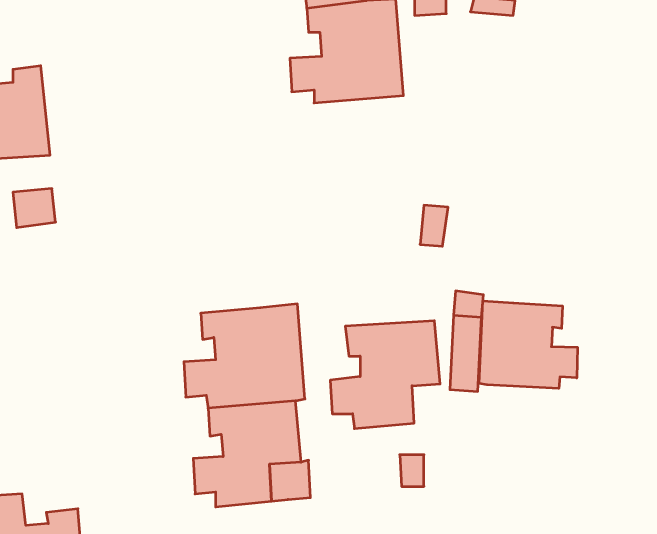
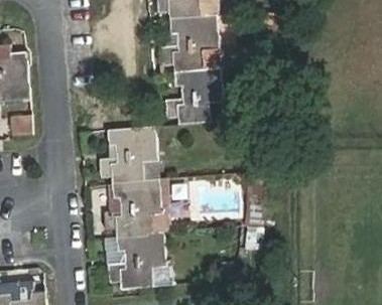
building: none -> [164,66,224,124]
building: [479,301,577,388] -> none
building: [330,321,440,429] -> [99,126,158,184]

